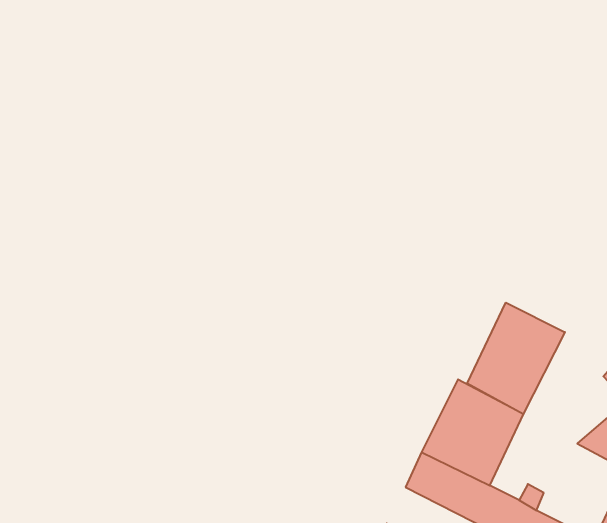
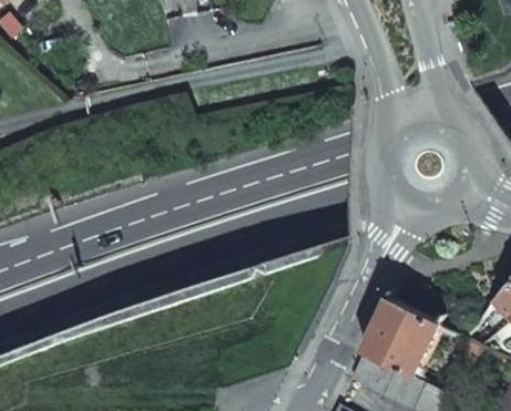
building: [467,303,565,414] -> none

